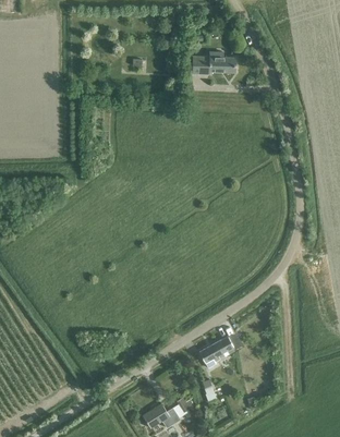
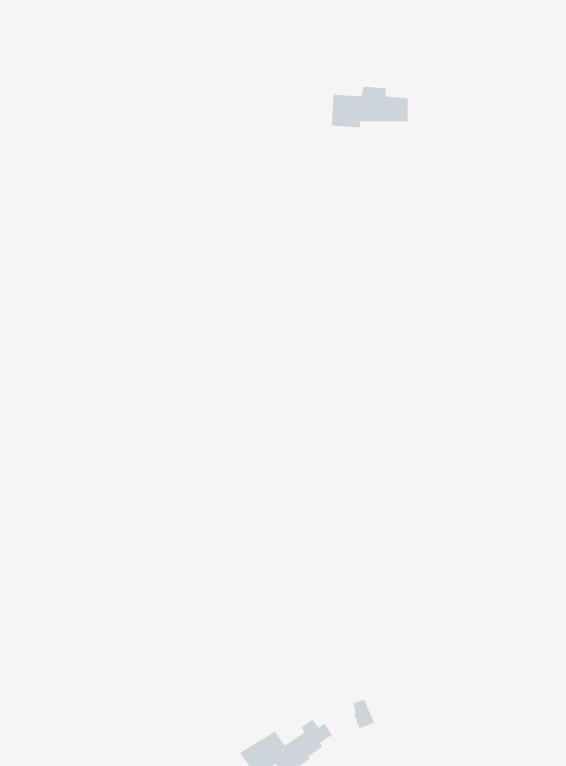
building: [198,335,233,366] -> none

